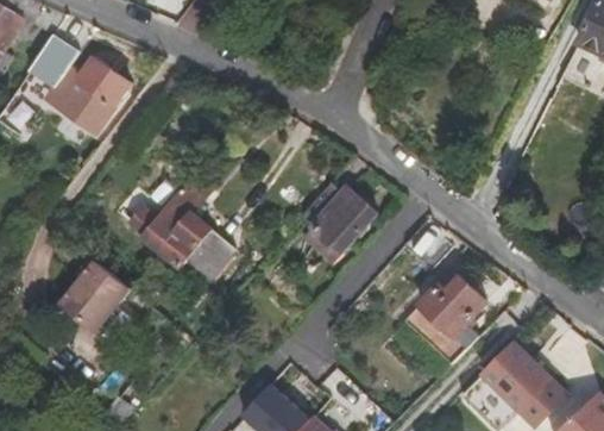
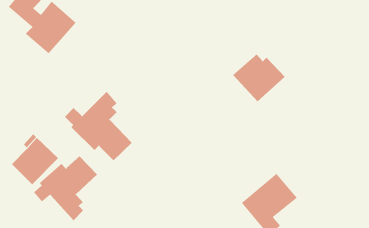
building: [300,182,378,254] -> [232,53,285,102]
building: none -> [33,155,98,221]

